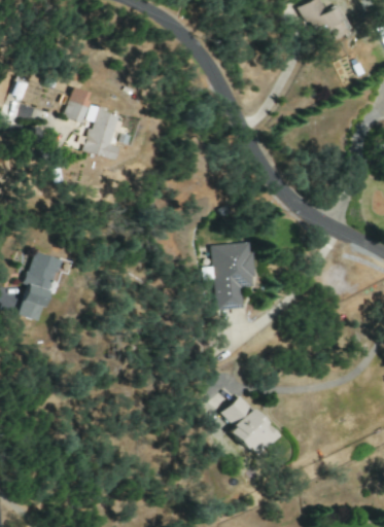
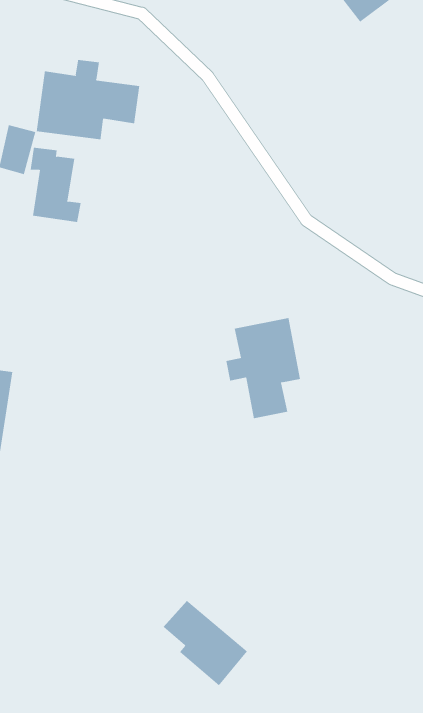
building: none -> [36,59,140,140]
building: [221,395,278,457] -> [163,600,248,686]

